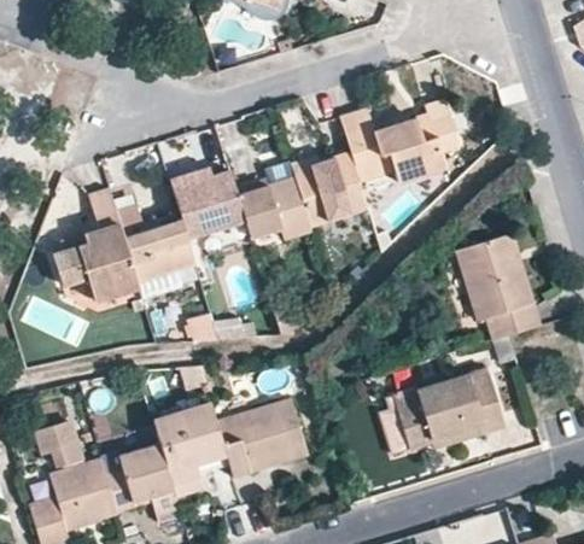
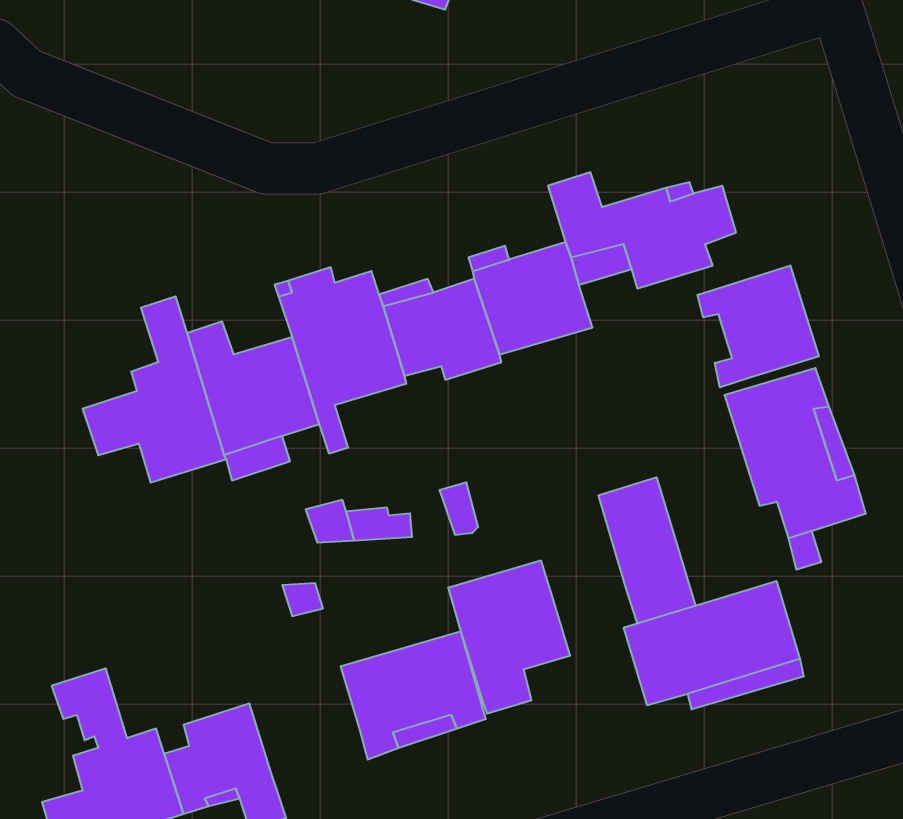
building: none -> [697,265,819,388]
building: none -> [598,477,695,624]
building: [150,399,226,495] -> [448,561,570,714]

